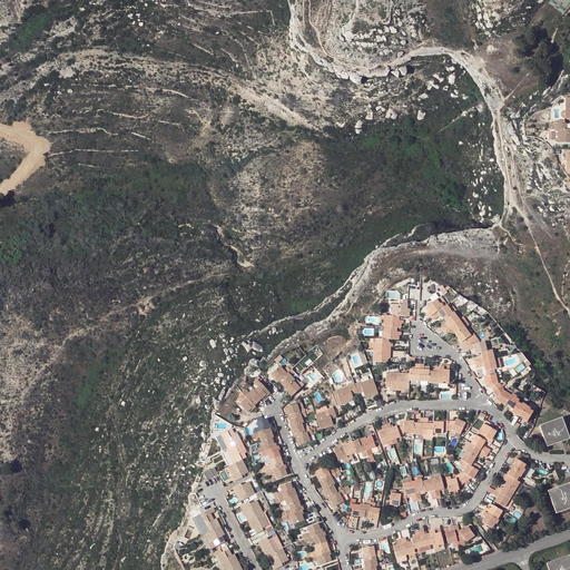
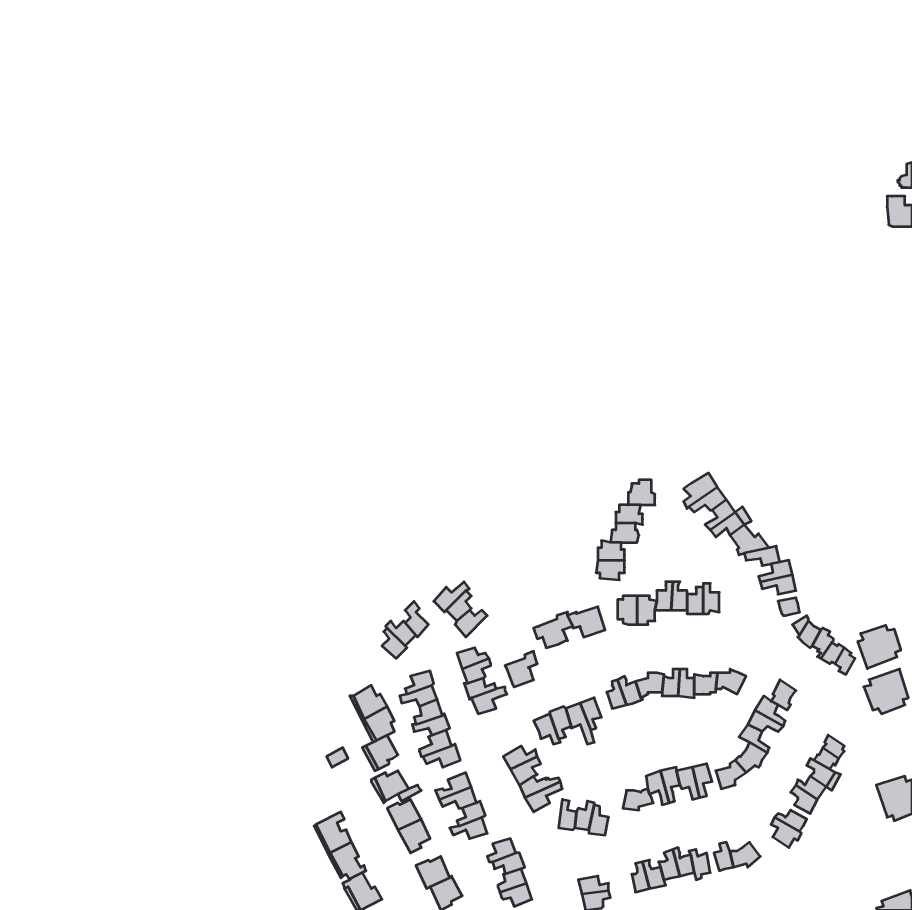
building: none -> [858,625,901,669]

